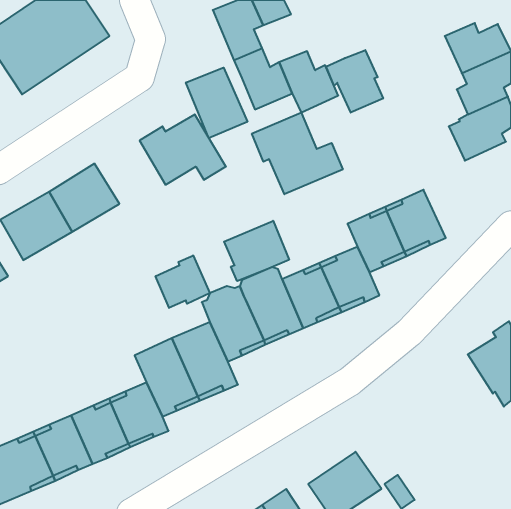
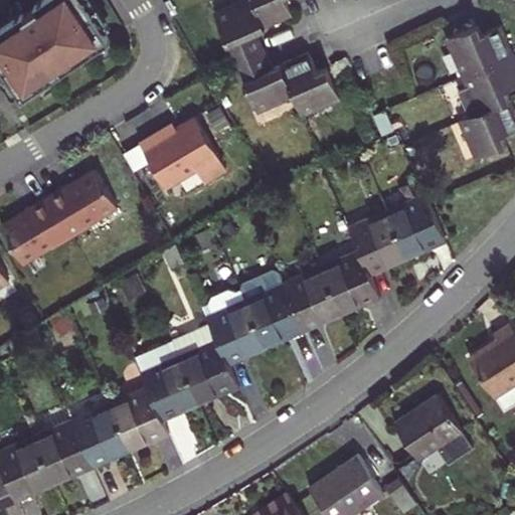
building: [326,50,383,113] -> none
building: [186,68,247,138] -> none
building: [252,112,343,194] -> none
building: [224,221,289,281] -> none
building: [156,255,210,308] -> none
building: none -> [393,395,467,472]

